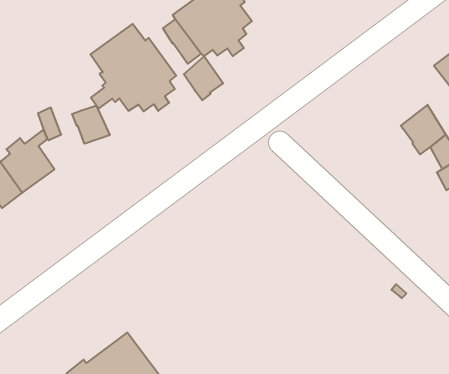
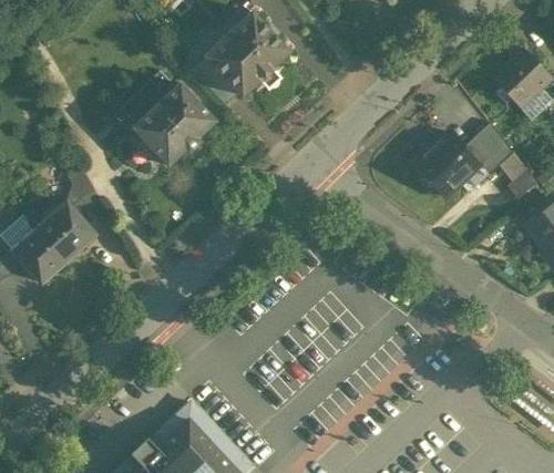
building: [184,56,223,100] -> none
building: [72,106,110,144] -> none
building: none -> [414,132,479,197]

